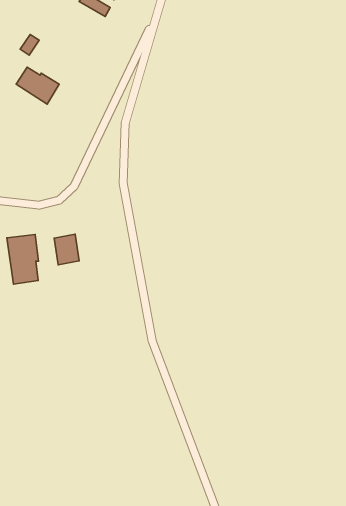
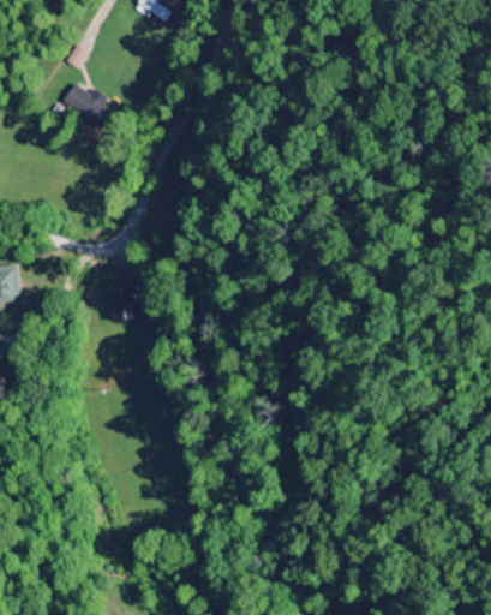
building: [7,235,39,284] -> none

